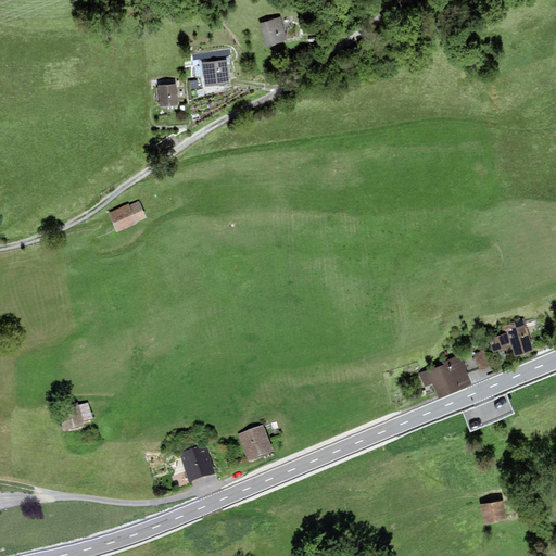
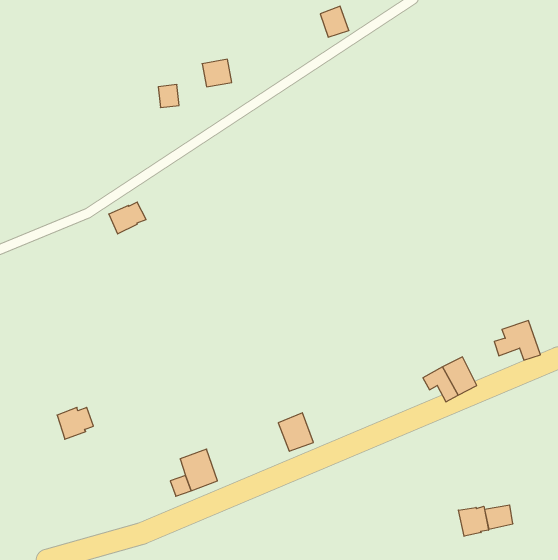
building: [258,15,287,46] -> [320,6,349,37]
building: [238,426,273,464] -> [278,413,313,451]
building: none -> [458,506,488,536]

